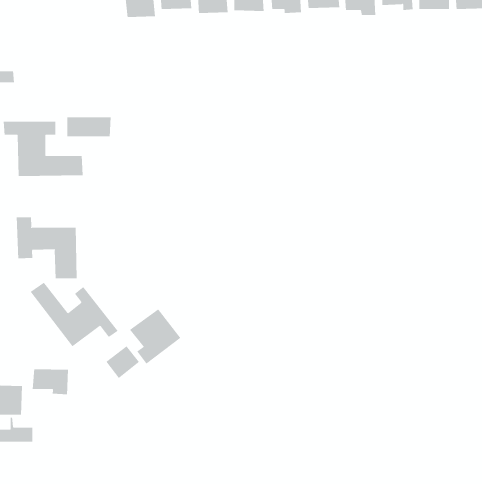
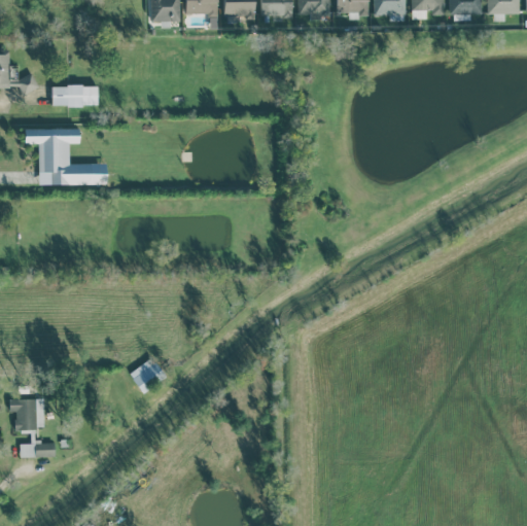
building: [66,117,112,137] -> [51,84,98,105]
building: [16,216,77,279] -> none
building: [30,282,119,347] -> none
building: [129,309,181,365] -> none
building: [32,368,68,395] -> none

